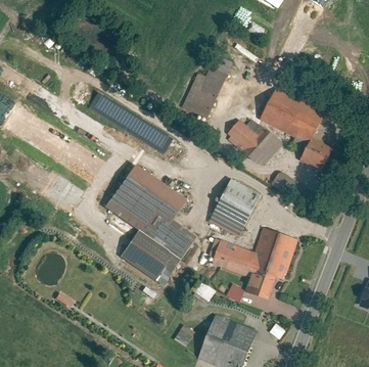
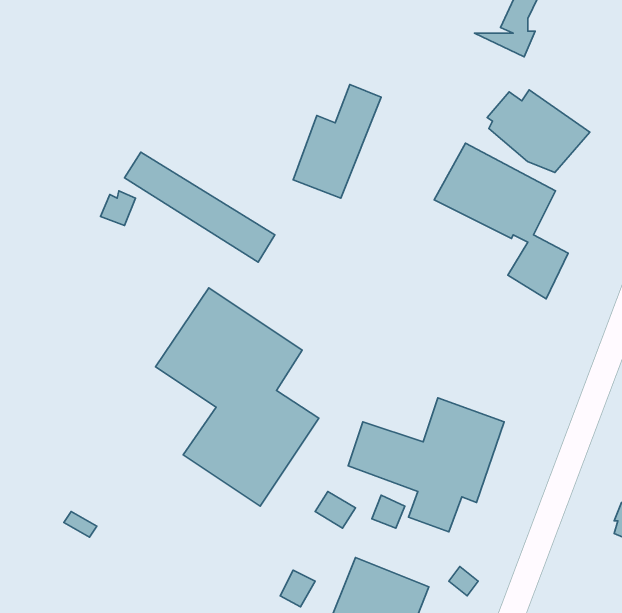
building: [228,117,285,163] -> [487,90,590,172]
building: [209,181,261,238] -> none

